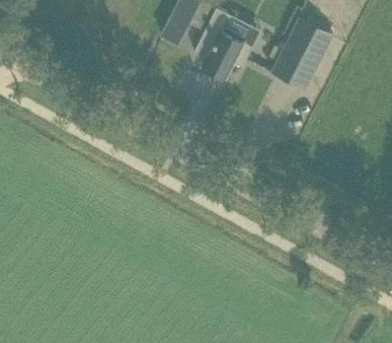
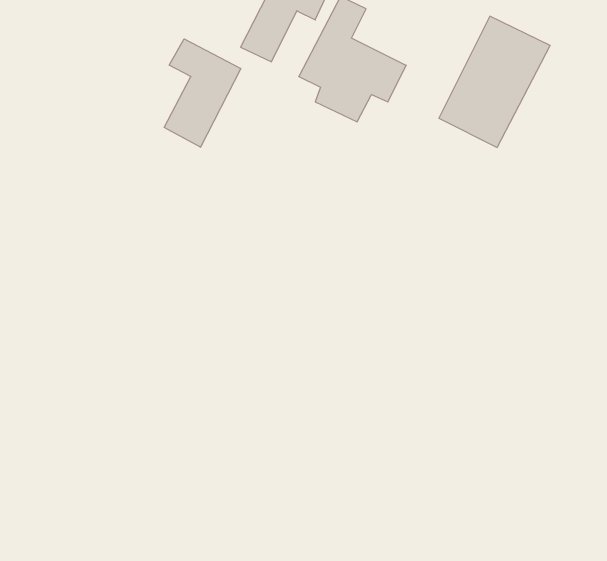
building: none -> [164,39,241,147]

